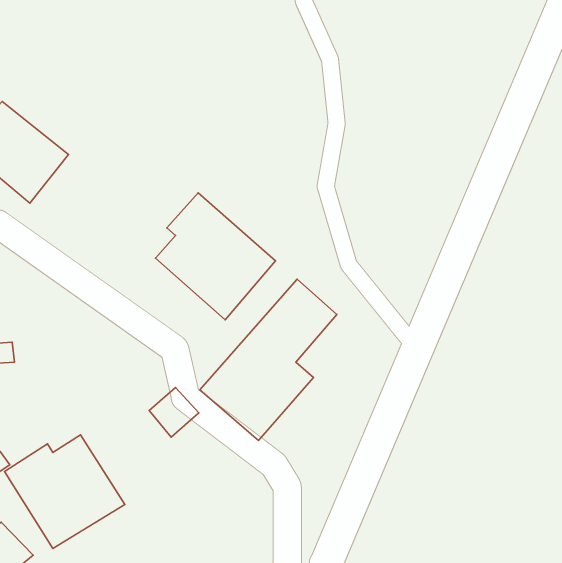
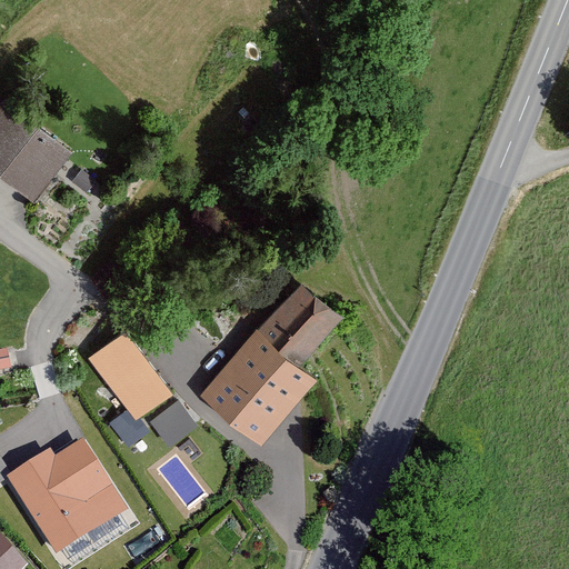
building: [155,193,276,320] -> none
building: none -> [83,333,168,425]

